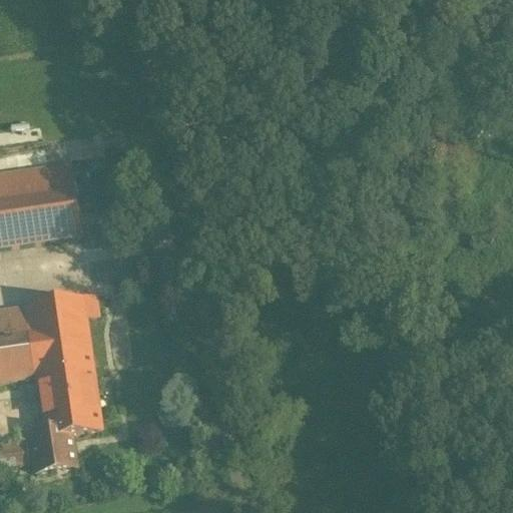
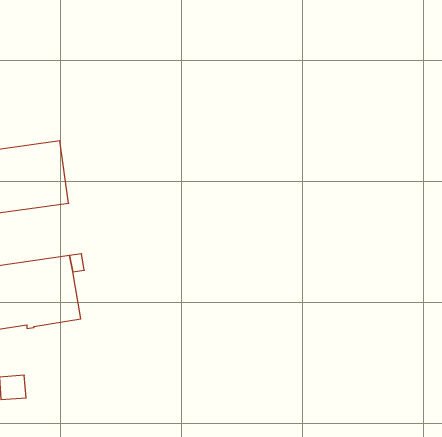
building: [31,368,102,469] -> none

